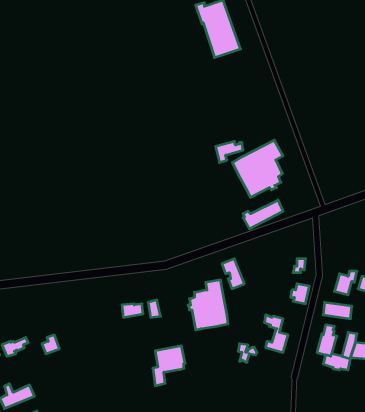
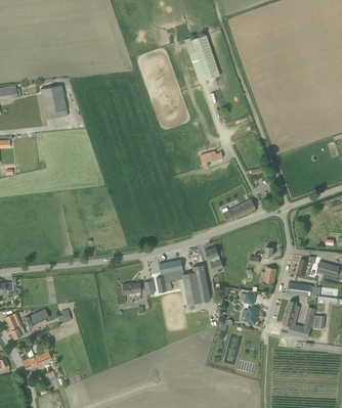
building: none -> [41,85,68,120]
building: [232,140,283,197] -> none
building: [153,346,185,386] -> [157,260,183,292]

